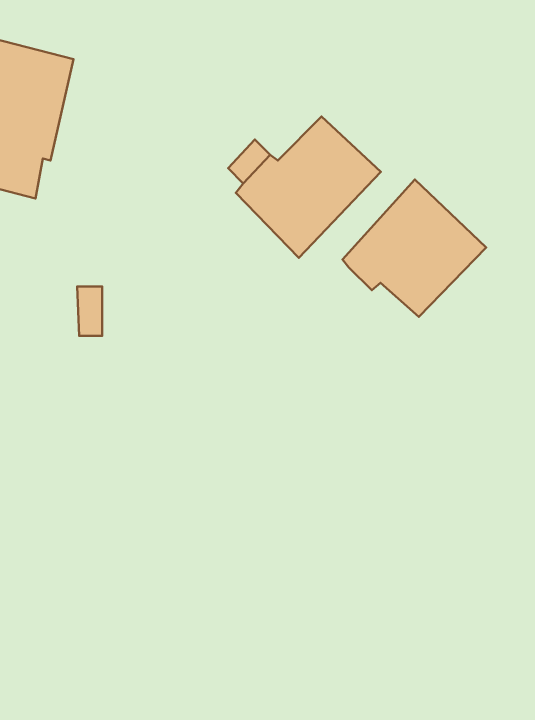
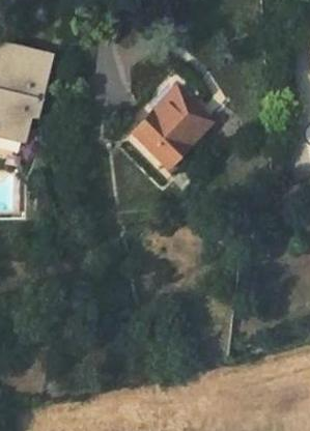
building: [342,180,486,317] -> none

